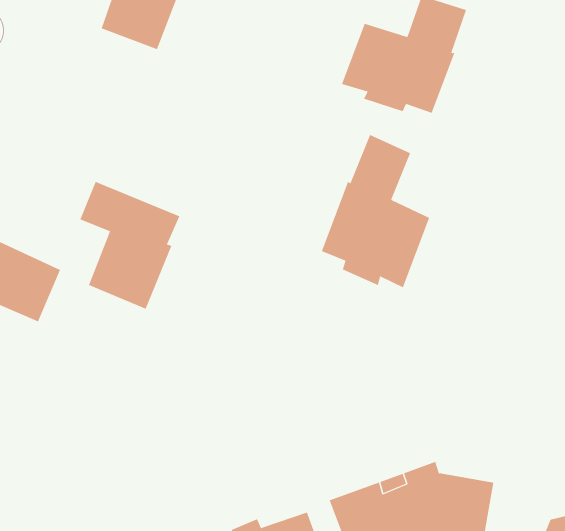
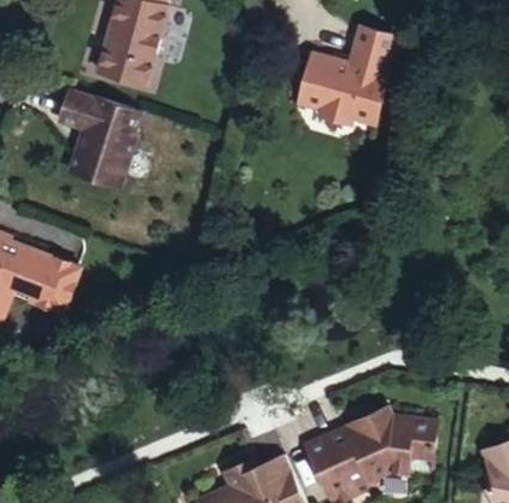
building: [321,134,430,288] -> none
building: [80,181,180,310] -> [51,83,134,187]

